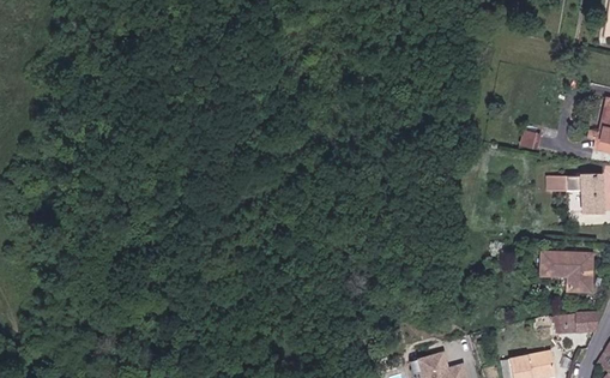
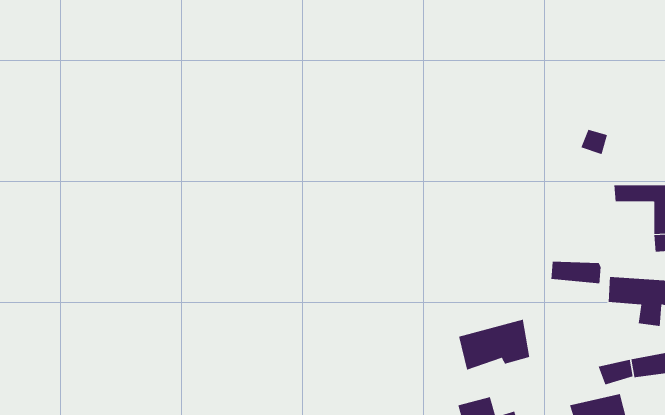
building: none -> [551,261,601,284]
building: none -> [459,319,530,370]

